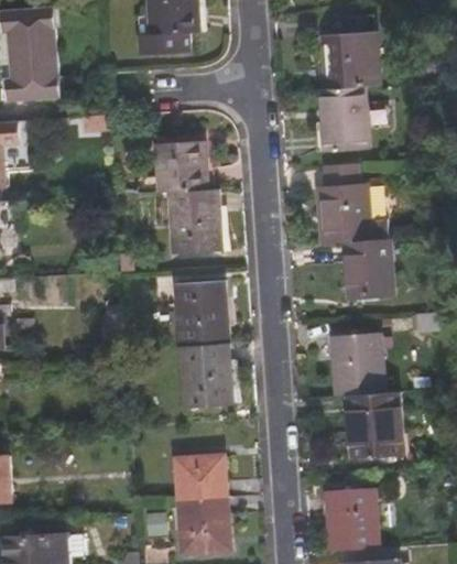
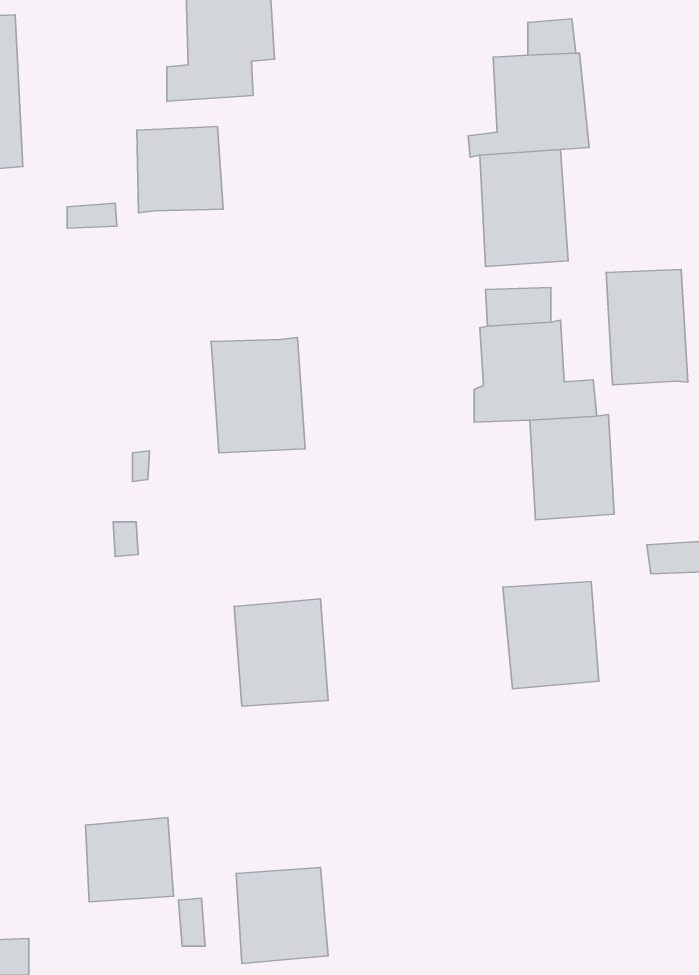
building: [154,148,204,197] -> [137,126,223,213]
building: none -> [606,270,688,385]
building: [173,281,227,348] -> none
building: [348,391,407,457] -> none
building: [176,453,227,501] -> [85,817,174,902]
building: [330,484,384,549] -> none

